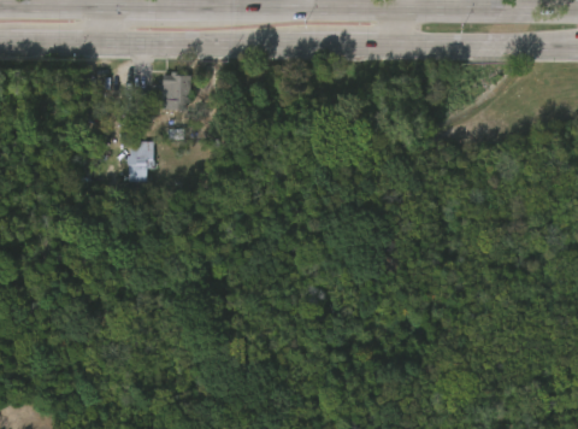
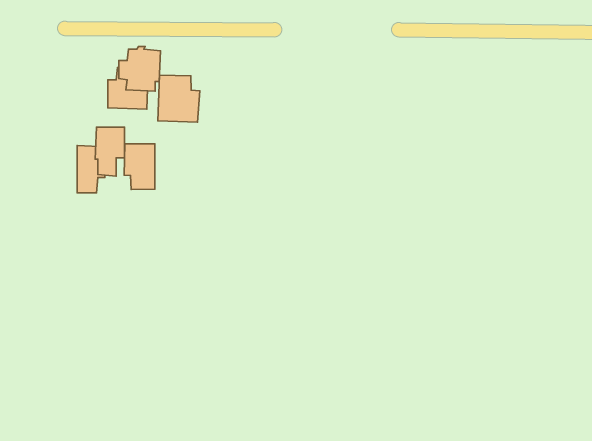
building: none -> [158,75,200,122]
building: none -> [124,144,155,190]

